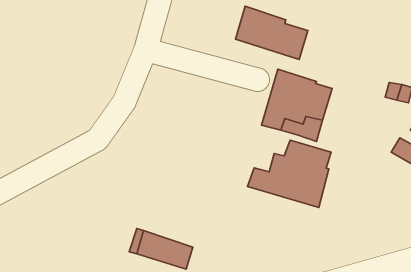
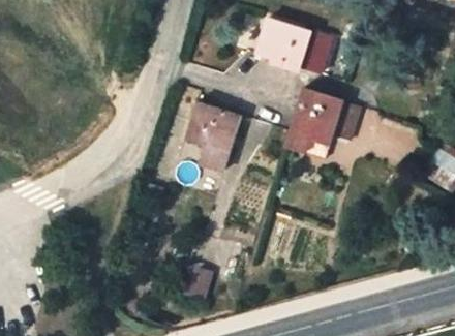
building: none -> [185,101,240,172]
building: [247,140,331,208] -> none

